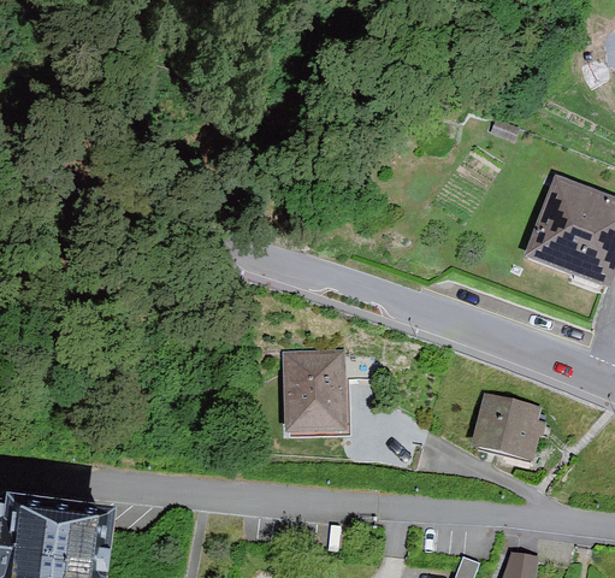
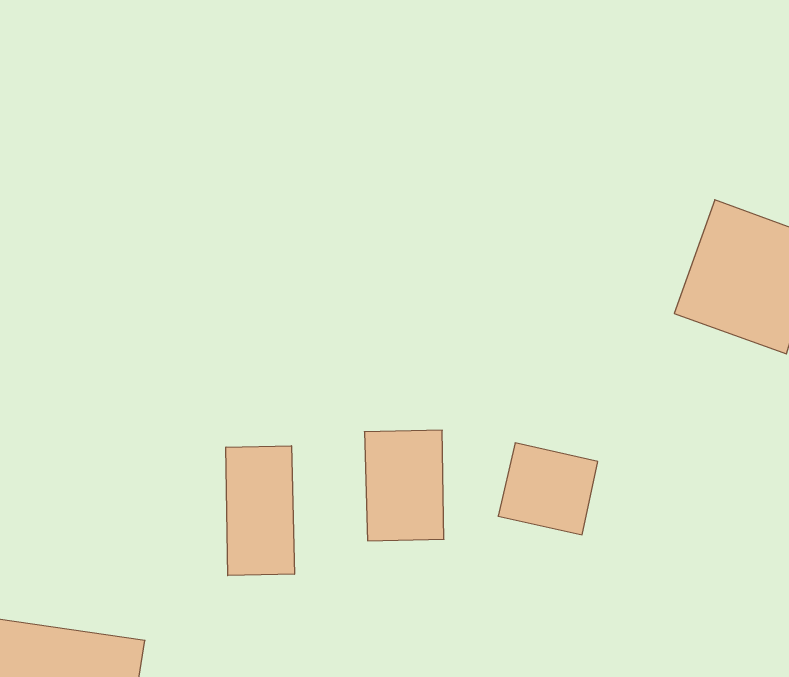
building: none -> [226,446,294,576]
building: [468,391,545,462] -> [498,443,598,535]

